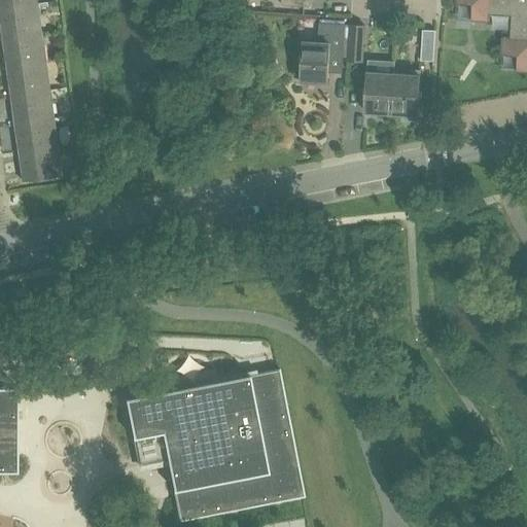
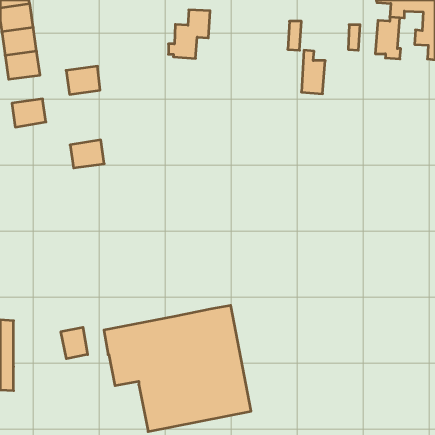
building: [294,25,345,83] -> [168,10,210,58]
building: [390,70,421,120] -> [375,17,401,59]
building: [10,92,51,126] -> [66,66,100,94]
building: [19,148,60,182] -> [70,140,104,168]
building: none -> [61,327,88,359]

